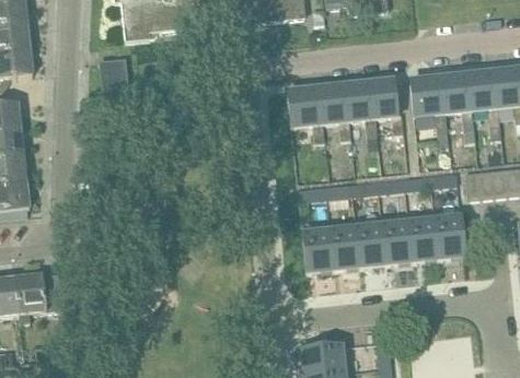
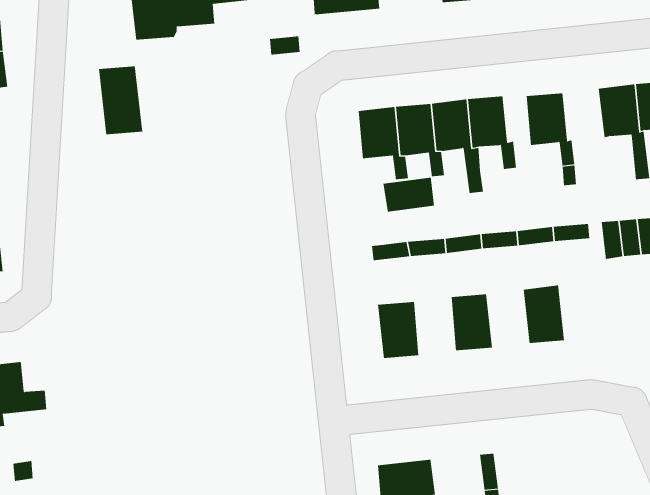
building: [437,73,474,142] -> none
building: none -> [383,177,435,212]
building: [434,214,464,257] -> none
building: [381,220,412,262] -> none
building: [328,225,358,268] -> none

